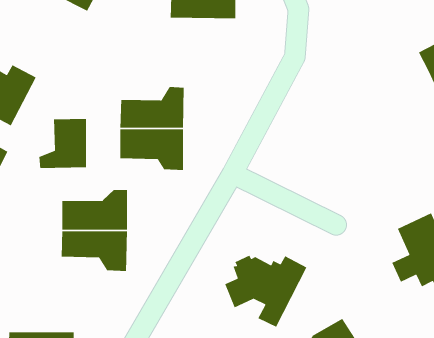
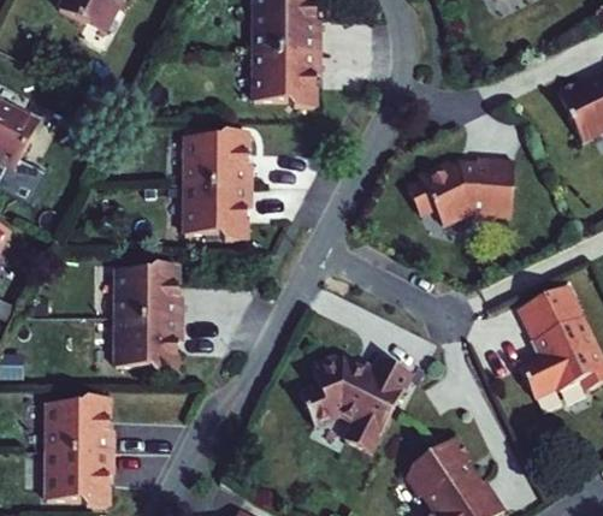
building: none -> [232,45,319,105]
building: none -> [410,147,524,221]
building: [38,118,87,169] -> none
building: none -> [20,402,107,455]

